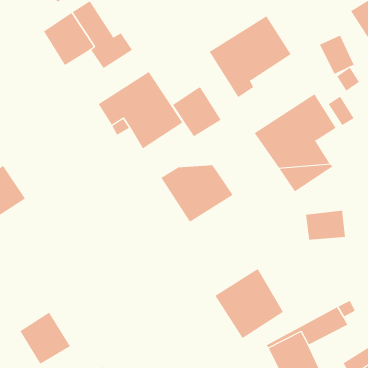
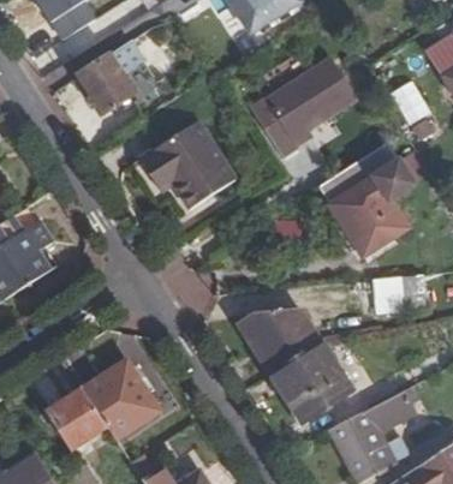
building: [172,86,221,137] -> none
building: [161,165,233,223] -> [238,307,320,372]
building: none -> [85,363,161,442]

